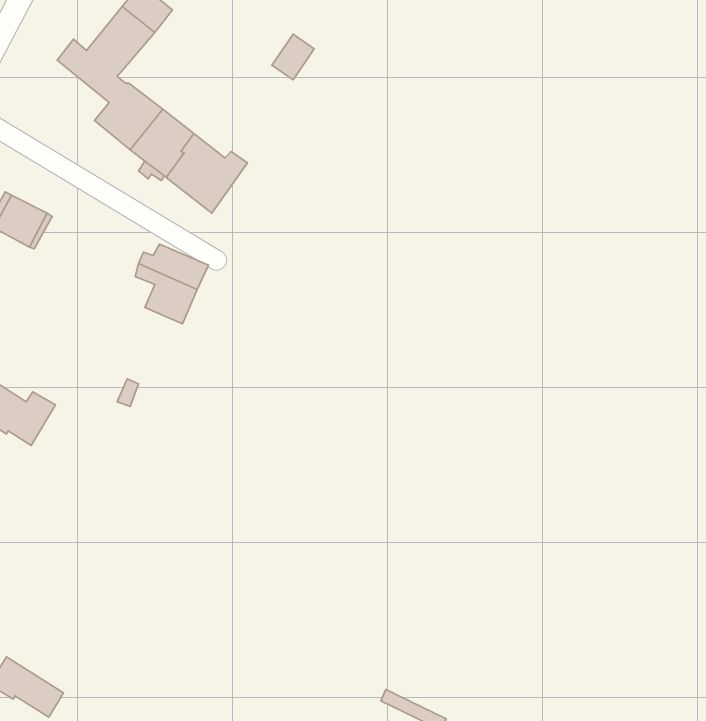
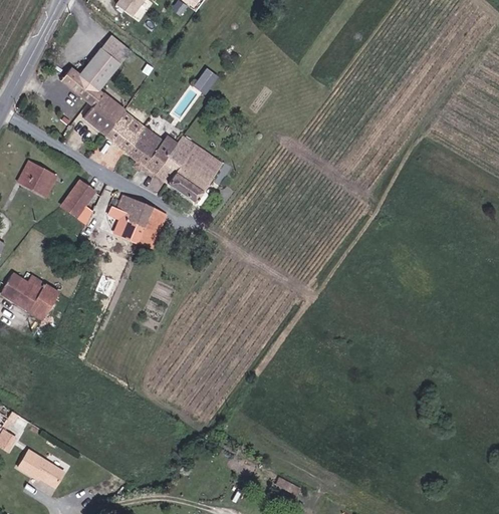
building: none -> [156,136,223,202]
building: none -> [62,181,94,224]
building: none -> [138,207,167,249]

